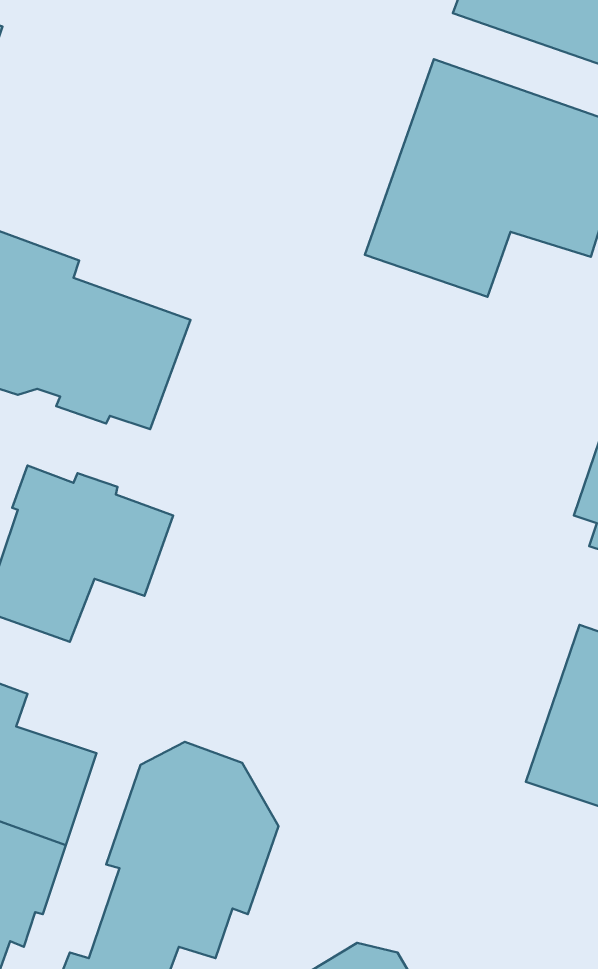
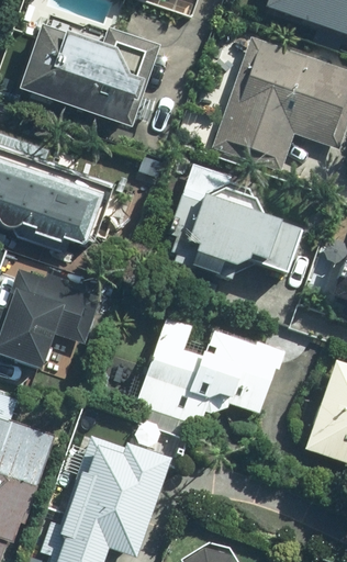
building: none -> [23,12,157,125]
building: none -> [157,160,302,281]
building: none -> [134,316,281,426]

